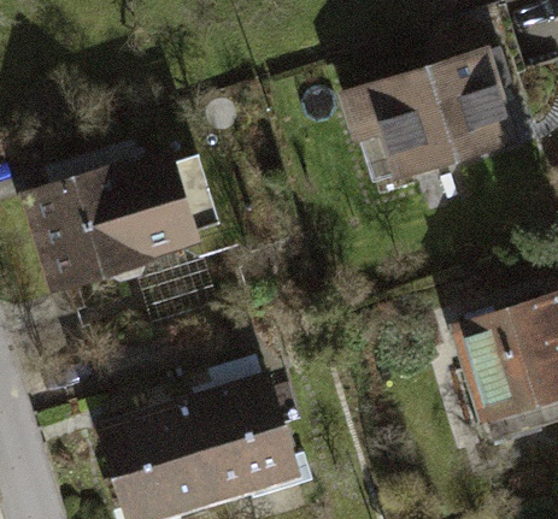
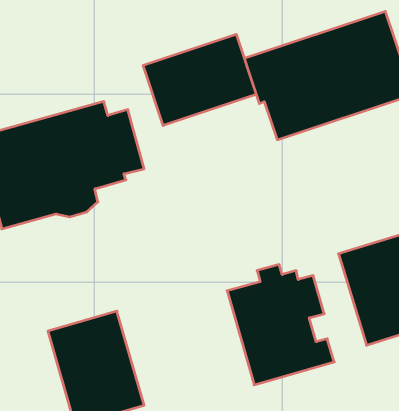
building: none -> [143,34,256,126]
building: [186,364,315,508] -> [227,265,334,385]

